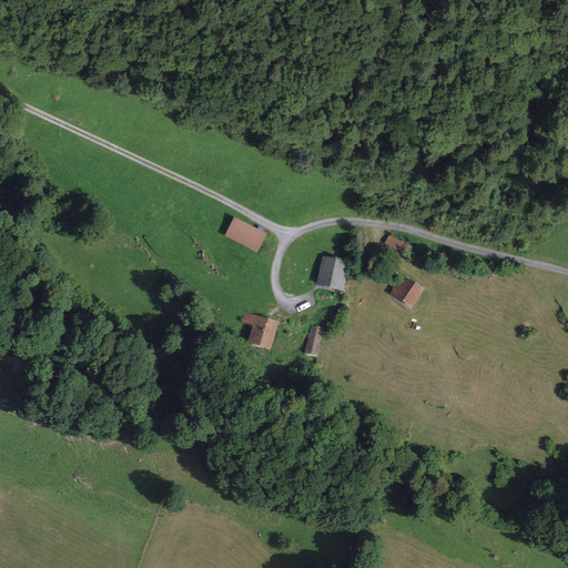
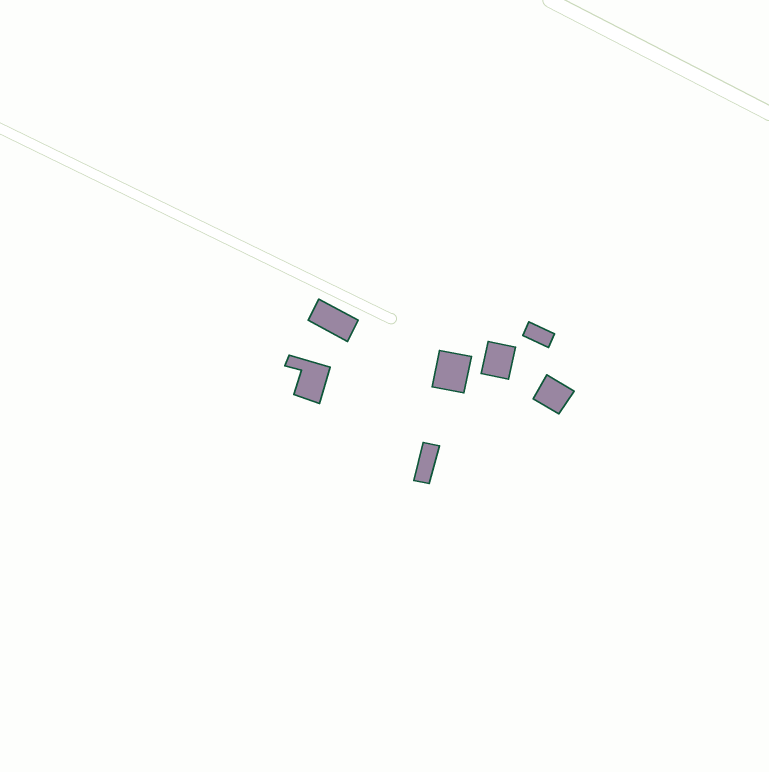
building: none -> [481,342,515,379]
building: [241,312,274,347] -> [285,355,330,404]

